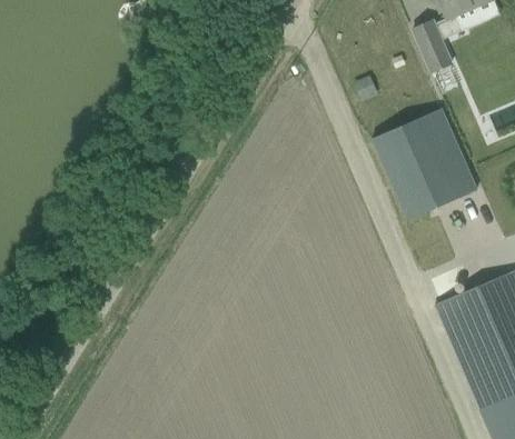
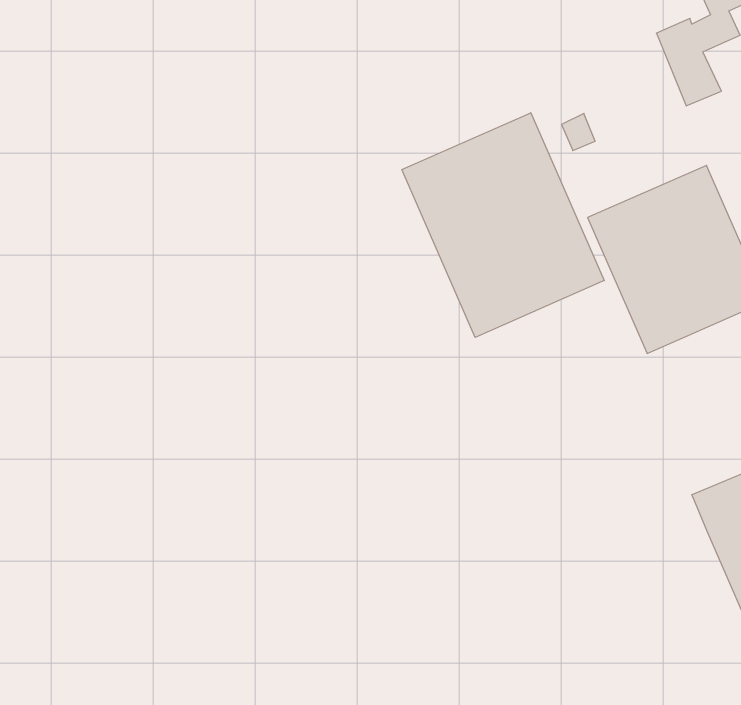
building: none -> [402,113,604,337]

